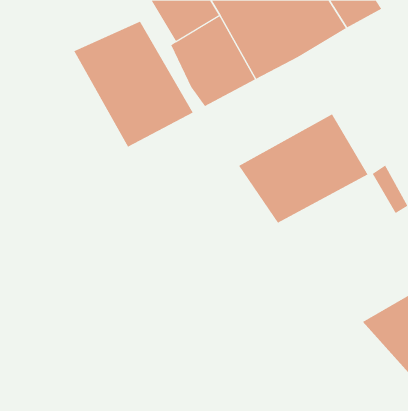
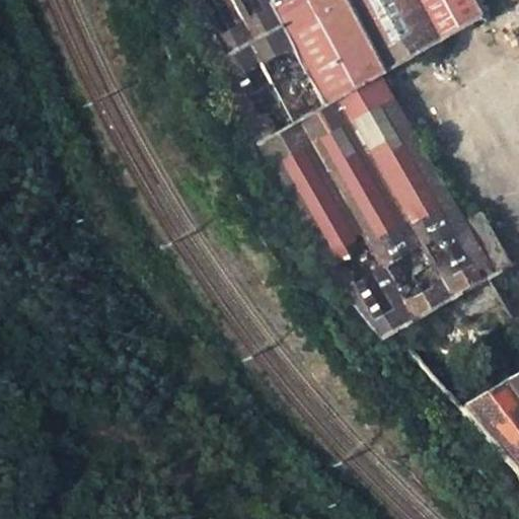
building: [74,21,193,148] -> none
building: none -> [262,72,423,209]
building: none -> [354,220,499,329]

